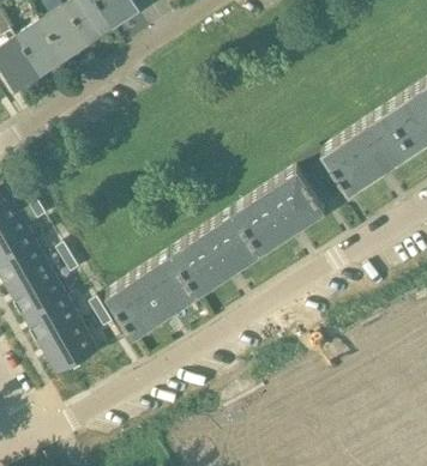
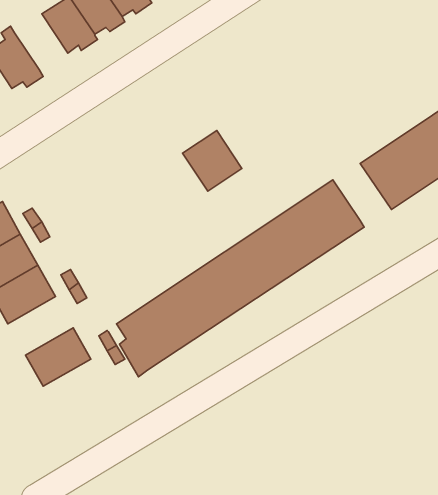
building: [18,22,66,71] -> none
building: none -> [183,130,242,191]
building: [12,271,70,322] -> none
building: [43,326,102,379] -> none

